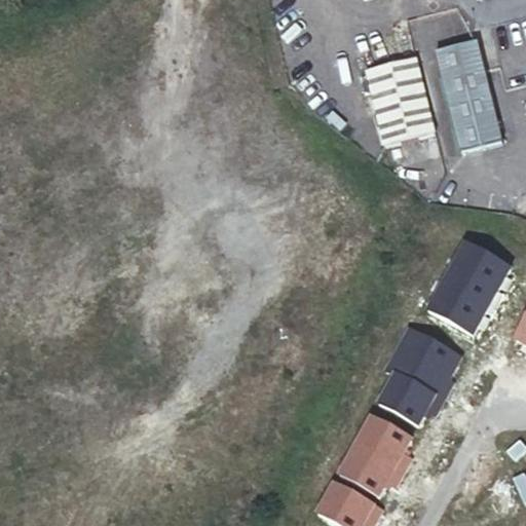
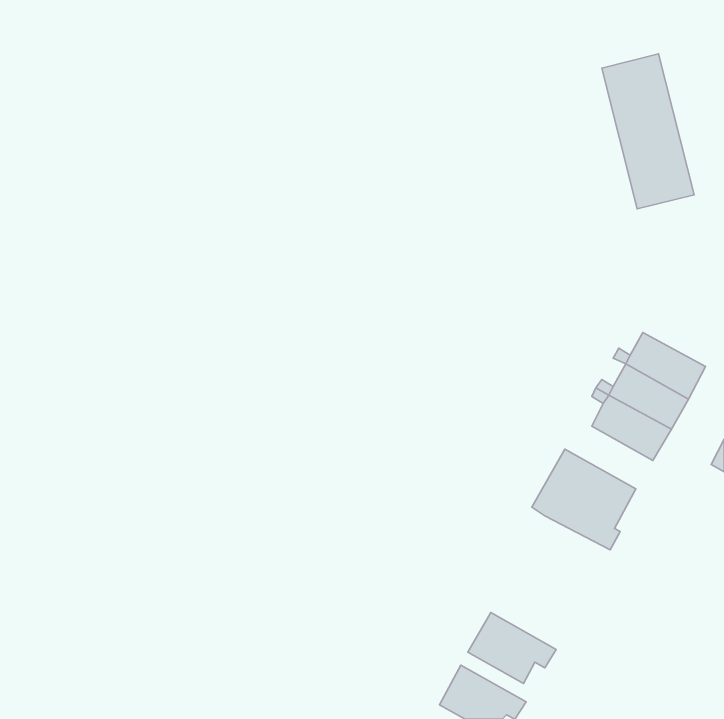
building: [371,61,443,146] -> none
building: [377,373,441,424] -> none
building: [354,414,410,469] -> none

